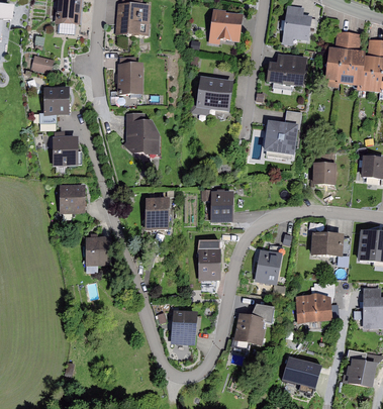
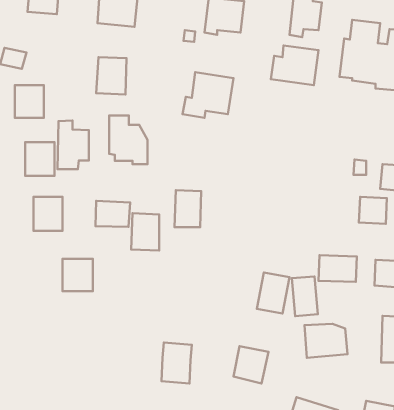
building: none -> [58,120,89,169]
building: [264,120,299,156] -> none
building: [310,164,334,187] -> [359,197,387,224]
building: none -> [96,201,130,227]
building: [211,190,234,222] -> [175,190,201,227]
building: [199,248,221,281] -> none
building: none -> [292,276,318,316]

